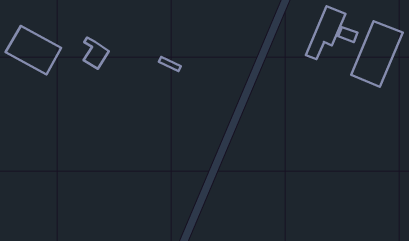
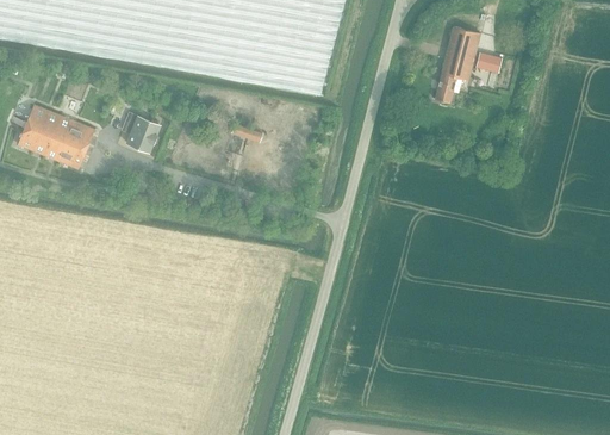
building: [351,21,403,87] -> none

